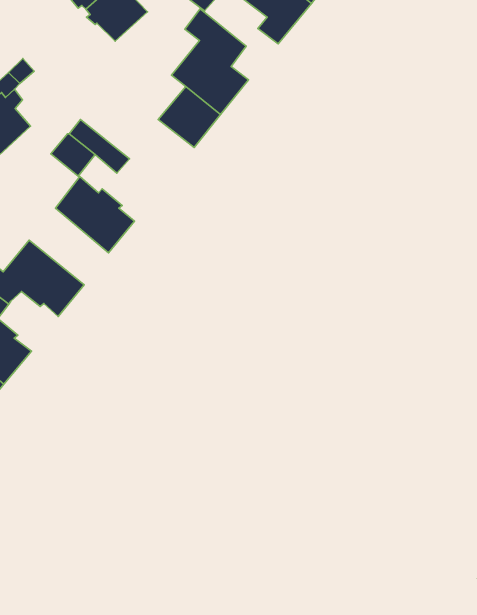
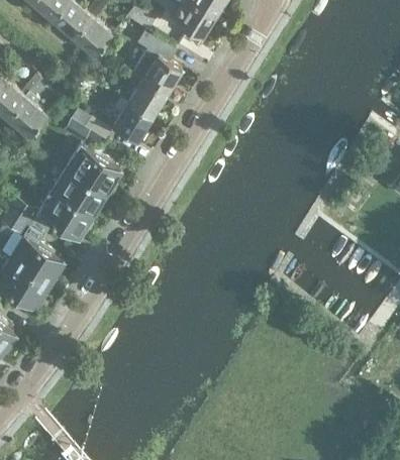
building: none -> [112,100,153,143]
building: none -> [55,168,106,215]

